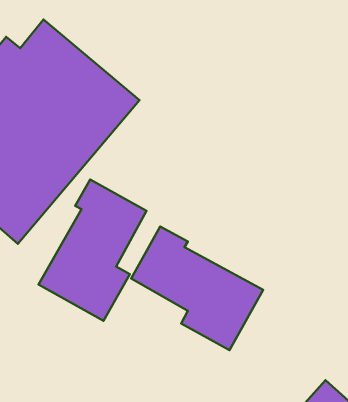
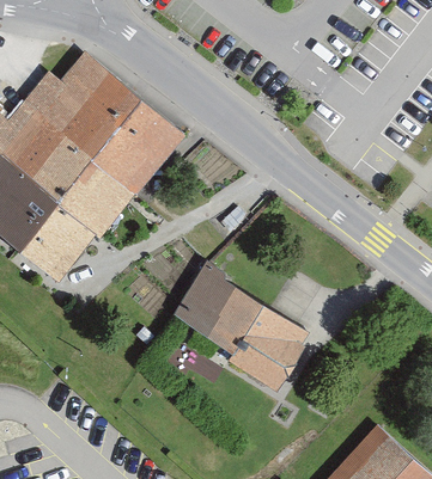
building: [38,179,146,321] -> none

